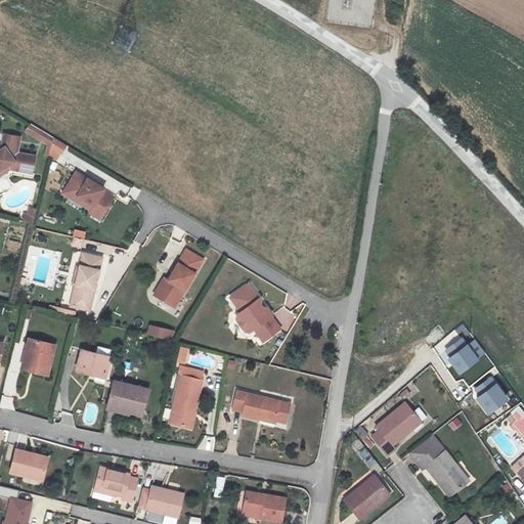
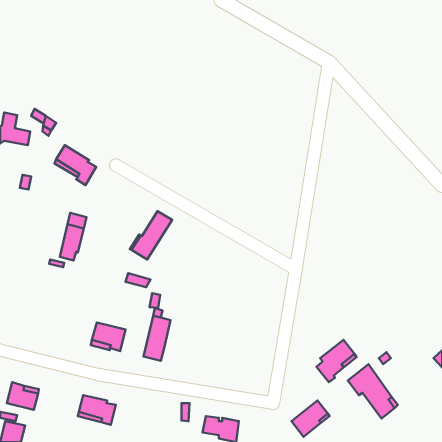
building: [230,283,280,342] -> none
building: [24,337,56,368] -> none
building: [446,339,484,375] -> none
building: [79,349,111,375] -> none
building: [475,378,509,416] -> none
building: [231,388,291,417] -> none
building: [145,493,181,519] -> none

